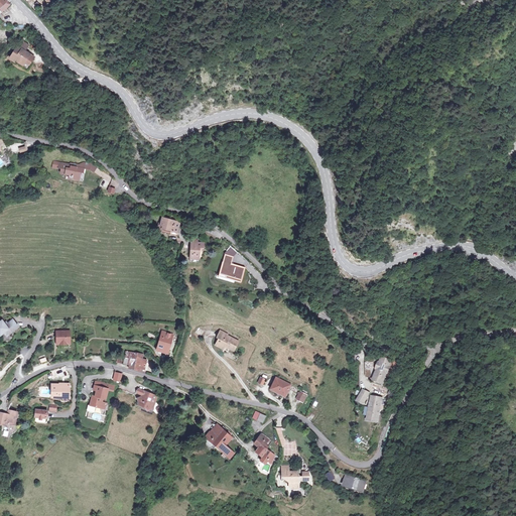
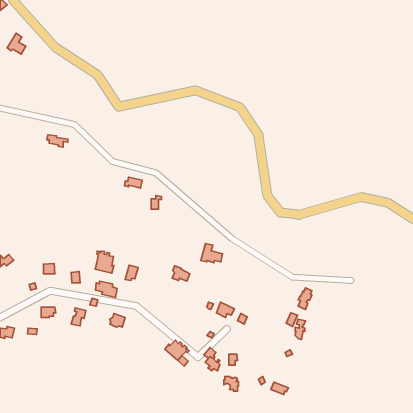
building: [217,255,244,279] -> [201,243,223,263]
building: none -> [95,251,114,273]

